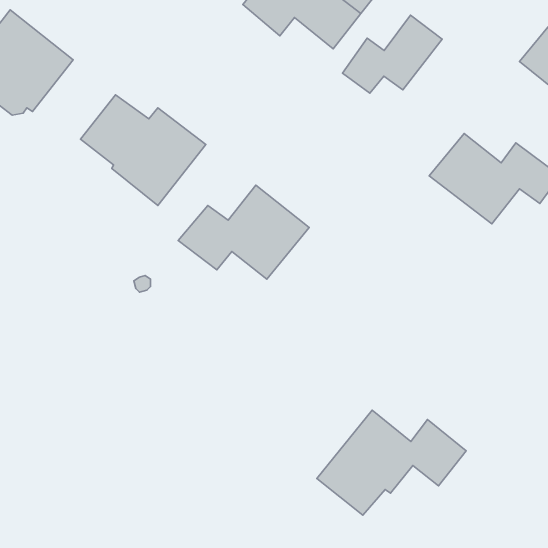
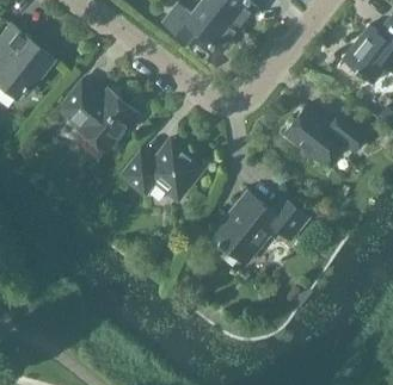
building: [342,15,442,93] -> none
building: [317,410,466,515] -> [210,192,307,260]

